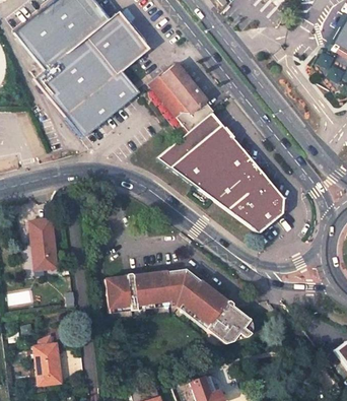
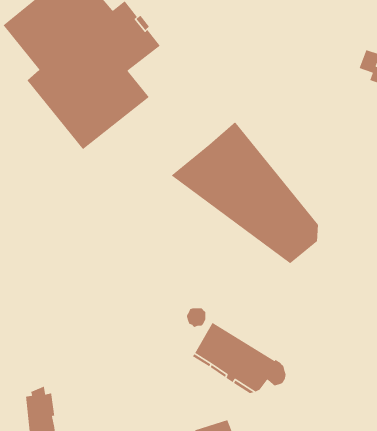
building: [149,63,214,132] -> none
building: [29,217,57,268] -> none
building: [102,268,167,310] -> none

